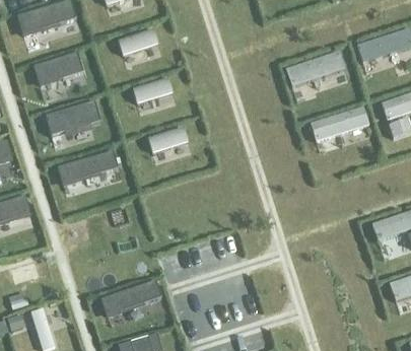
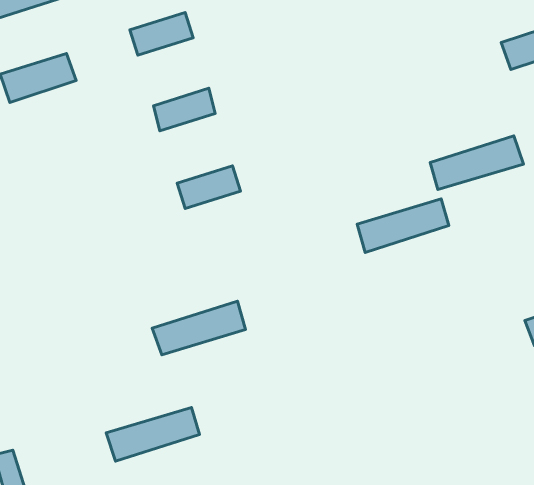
building: [286,50,345,84] -> [357,199,449,252]
building: [46,100,99,136] -> none
building: [59,148,119,183] -> [152,301,245,355]

